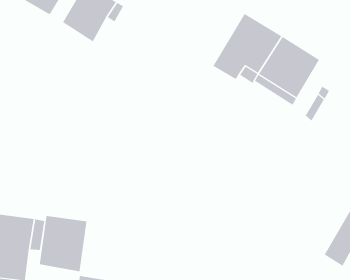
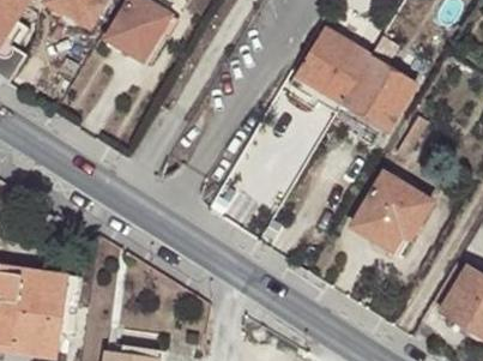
building: none -> [352,172,430,249]
building: [39,215,87,272] -> none

